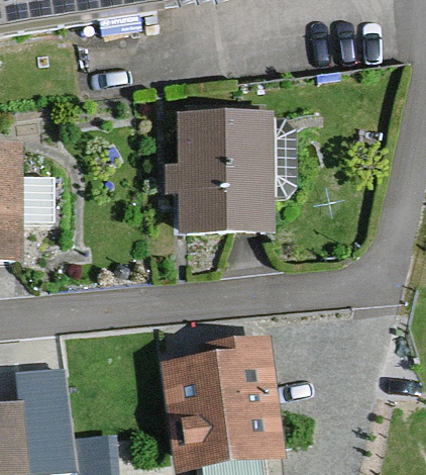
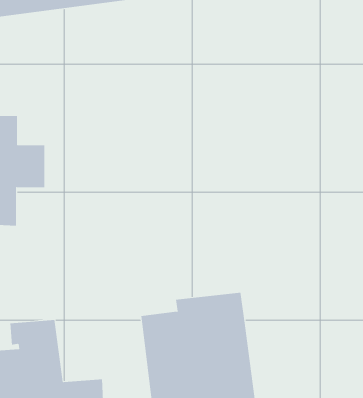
building: [164,110,275,232] -> none

